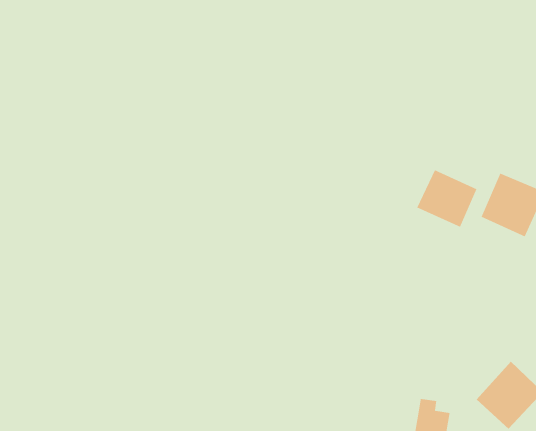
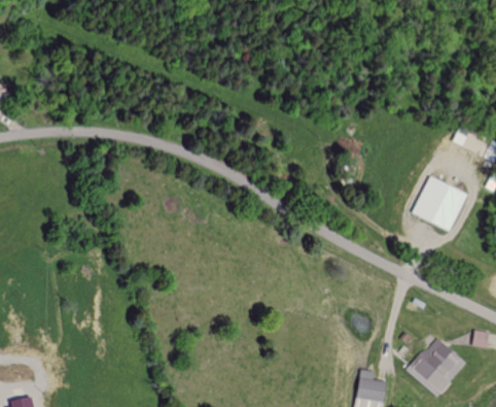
building: [416,169,477,228] -> none

